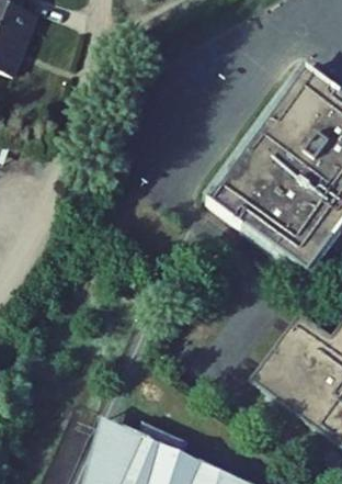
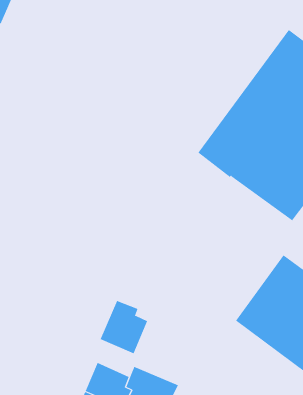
building: none -> [100,300,148,354]

